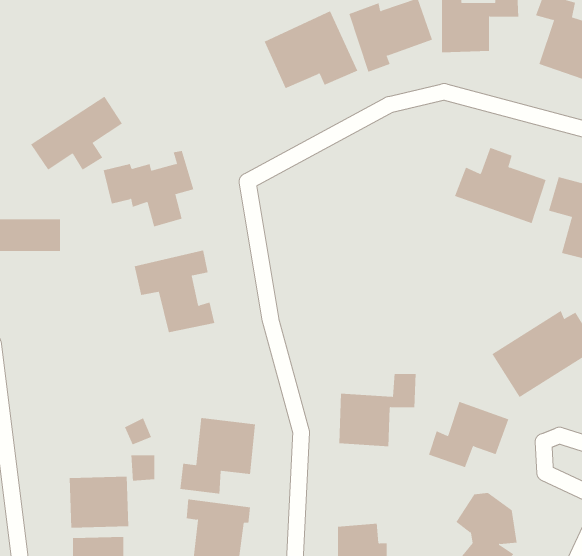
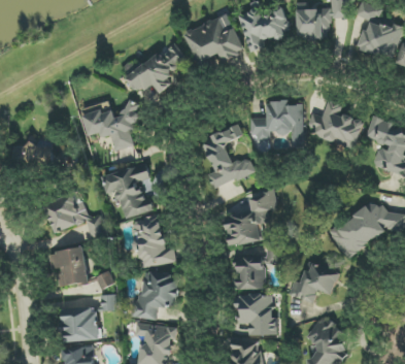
building: [30,96,123,171] -> [125,45,183,93]
building: none -> [251,101,303,147]
building: none -> [201,125,255,190]
building: none -> [224,188,277,246]
building: none -> [43,194,106,239]
building: none -> [132,216,175,268]
building: none -> [49,249,88,287]
building: none -> [236,294,276,335]

